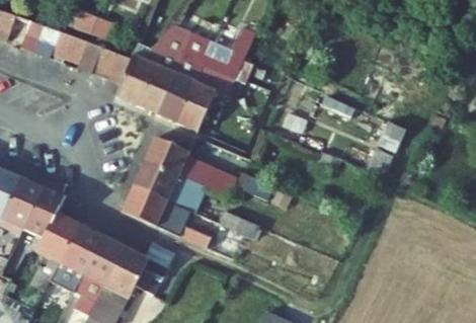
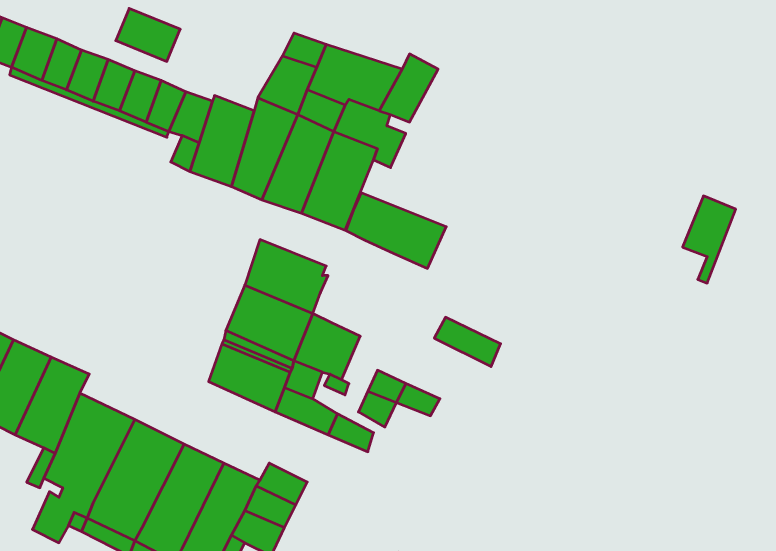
building: [183,152,237,192] -> [346,193,446,268]

